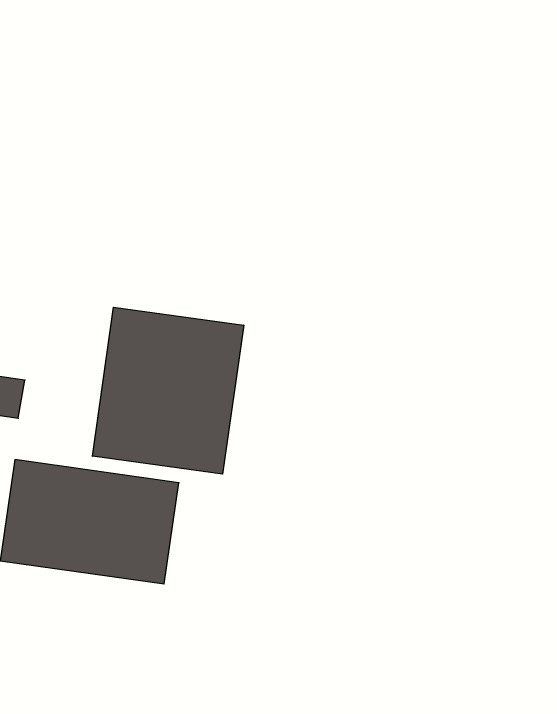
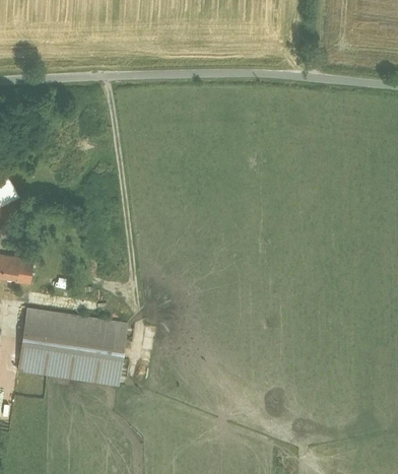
building: [92,307,244,474] -> none

